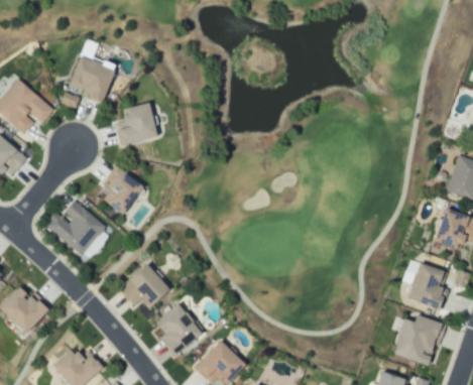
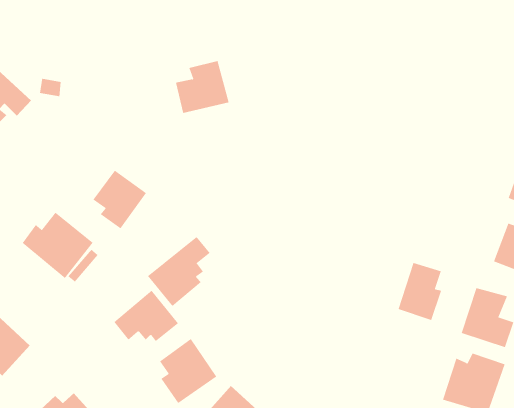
building: [71,55,117,102] -> none
building: [117,102,161,145] -> [175,60,229,114]
building: none -> [147,236,211,307]
building: none -> [398,262,442,321]

